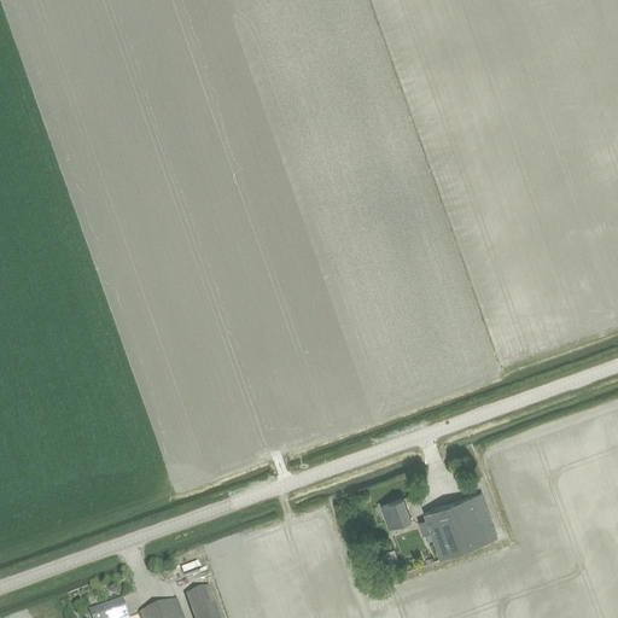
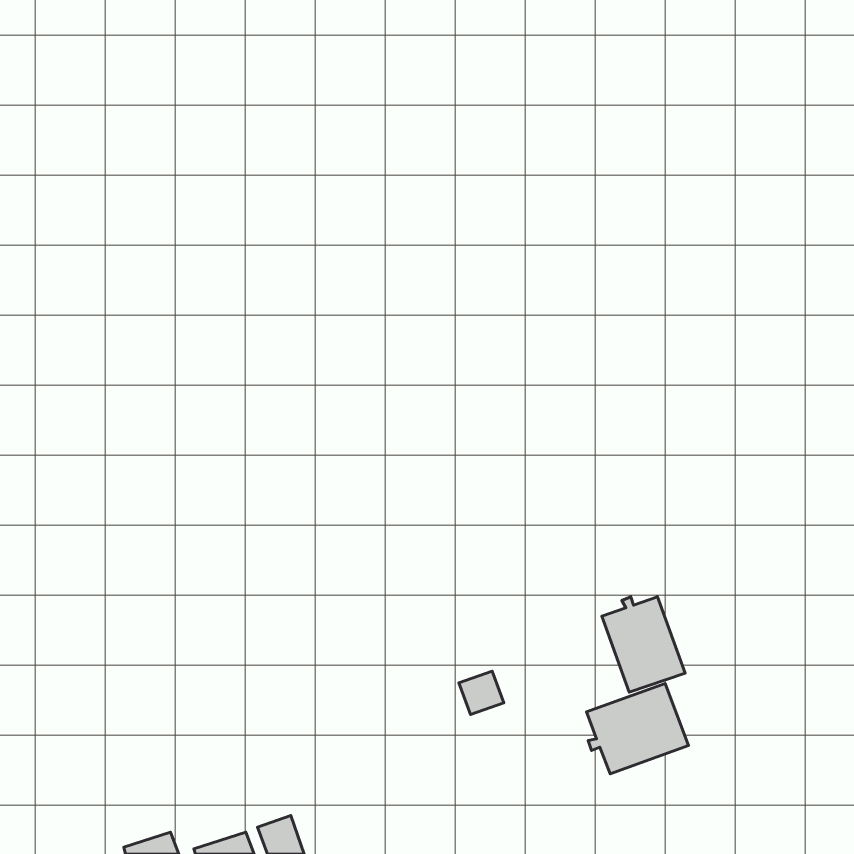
building: none -> [602,597,685,692]
building: [379,497,412,529] -> [459,671,504,715]

